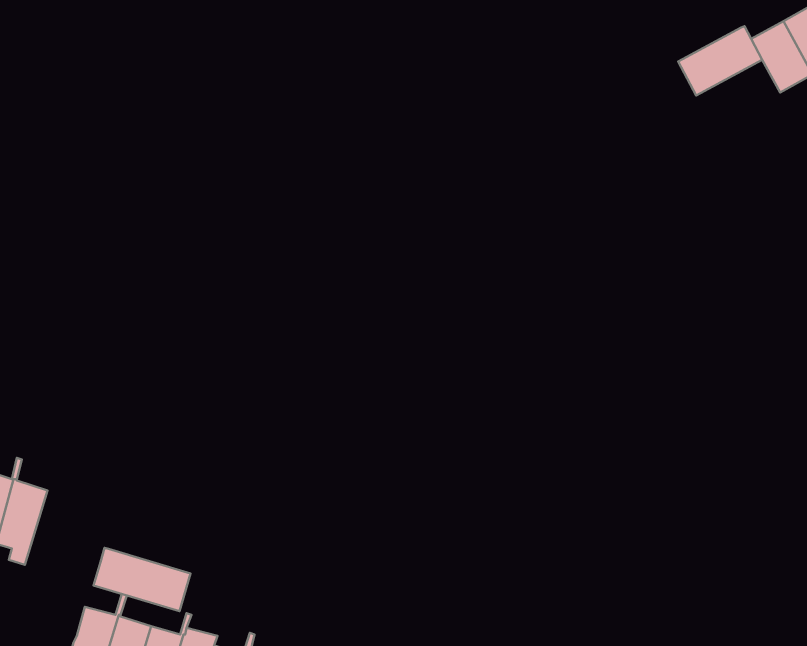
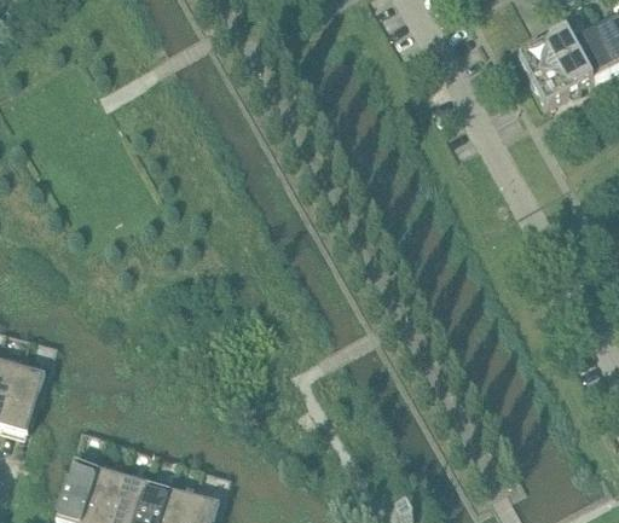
building: none -> [530,52,592,103]
building: [94,548,190,611] -> none

